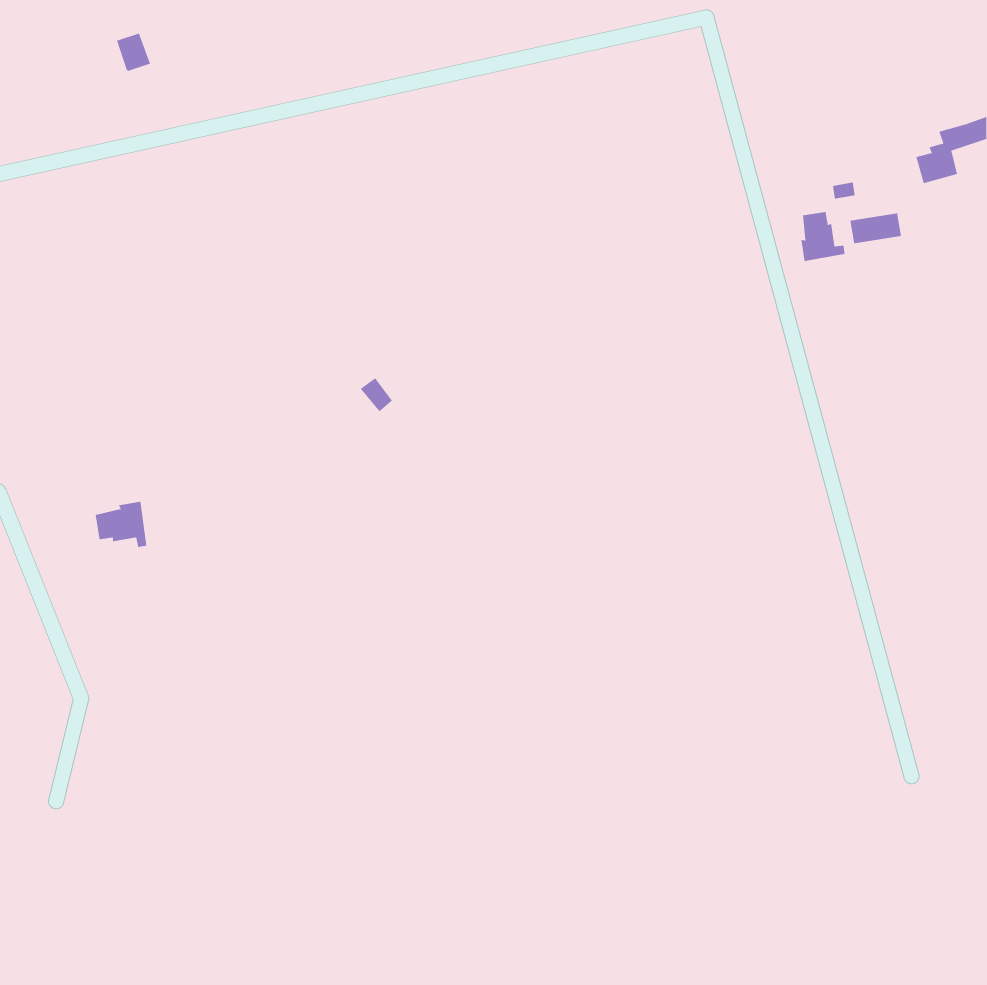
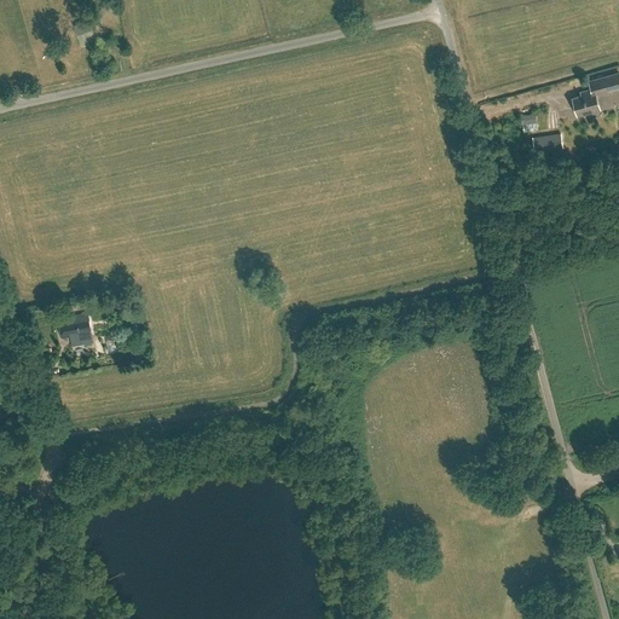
building: [801,211,845,262] -> none

